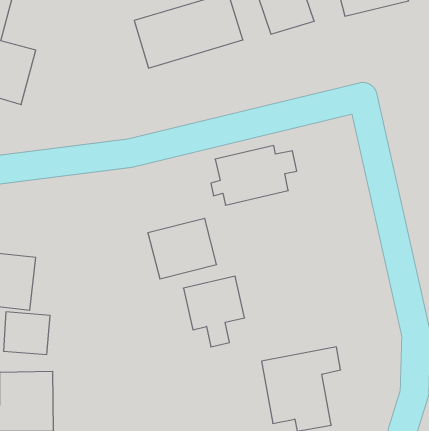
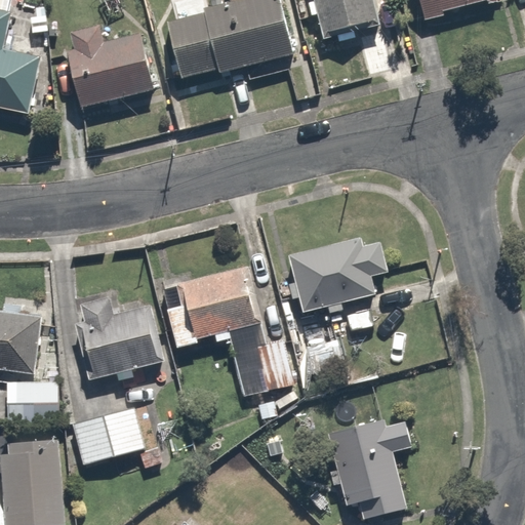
building: none -> [64,26,154,111]
building: [211,146,297,205] -> [284,238,388,310]
building: none -> [70,289,162,380]
building: none -> [69,403,143,465]

